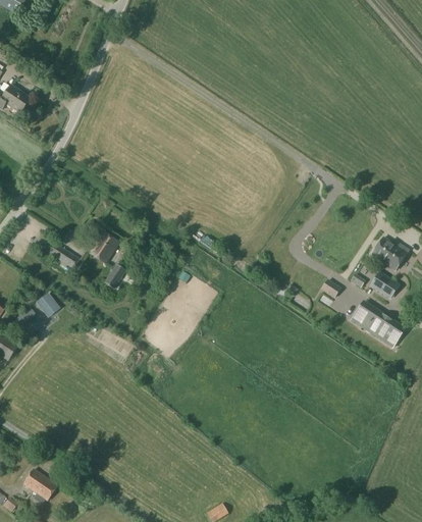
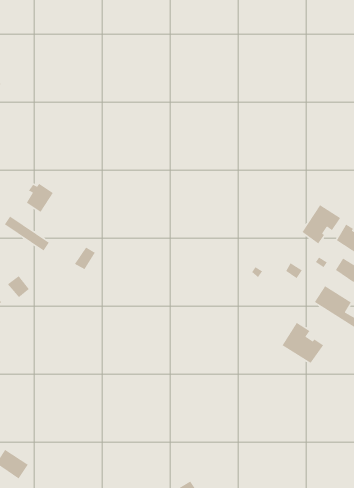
building: none -> [301,204,341,245]
building: [91,230,119,261] -> [26,183,54,213]
building: none -> [282,322,324,364]

